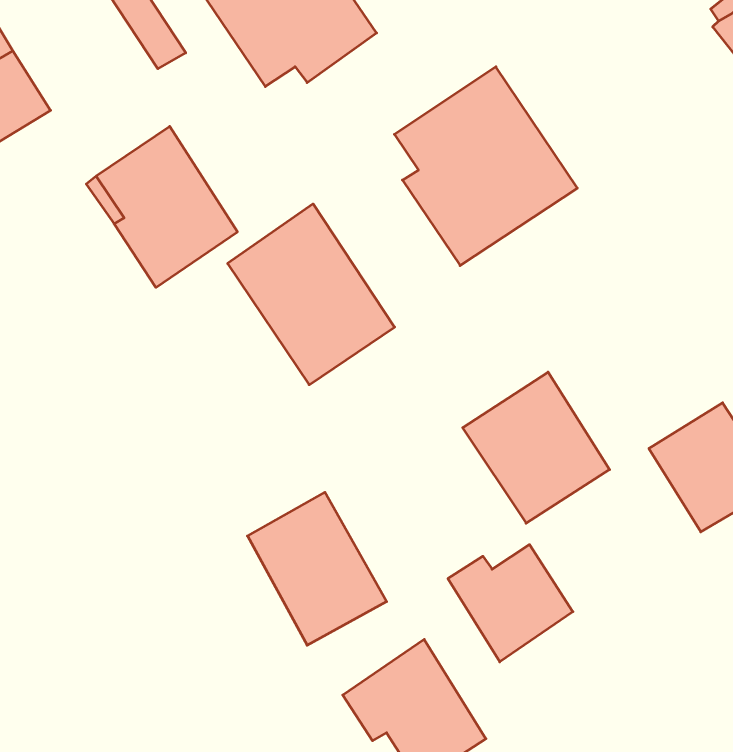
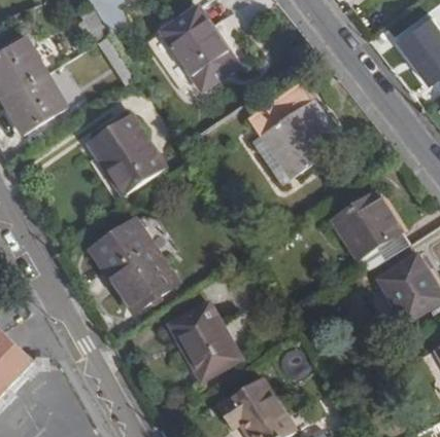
building: [228,204,395,385] -> [90,218,176,312]
building: [463,372,610,523] -> [331,191,407,269]
building: [448,545,573,662] -> none

